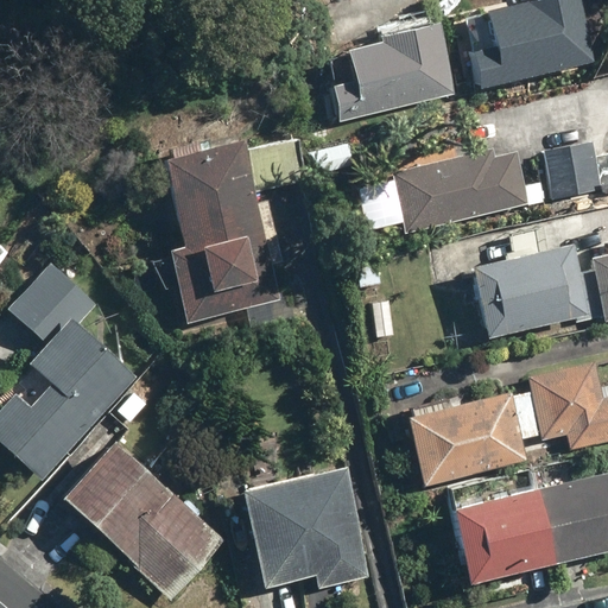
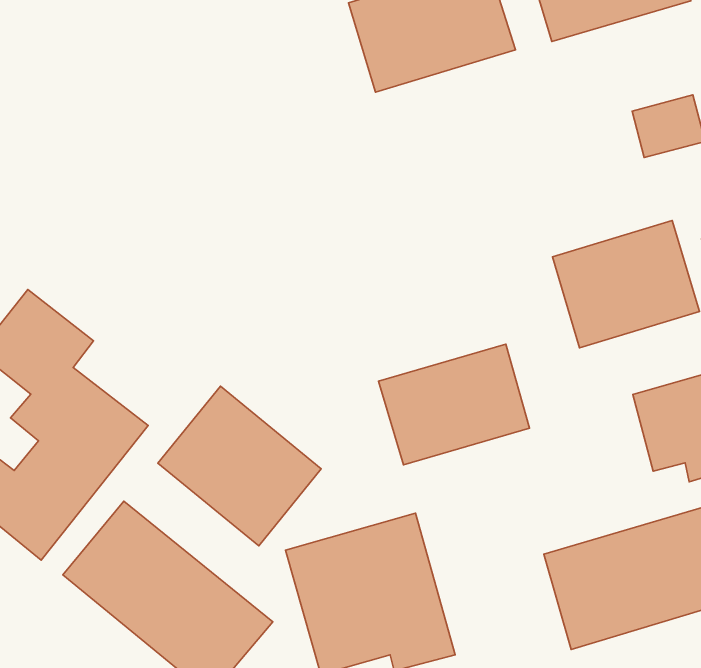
building: [164,138,285,329] -> none
building: [393,153,528,235] -> none
building: none -> [158,386,321,546]
building: [408,395,527,487] -> [378,344,529,465]

